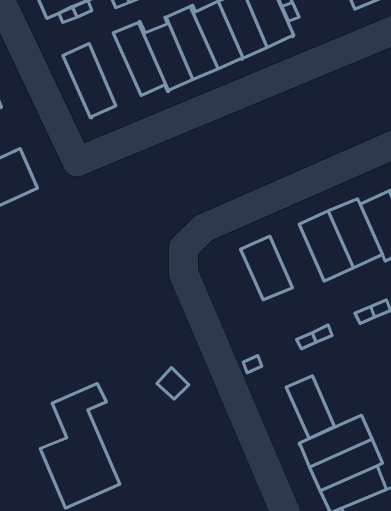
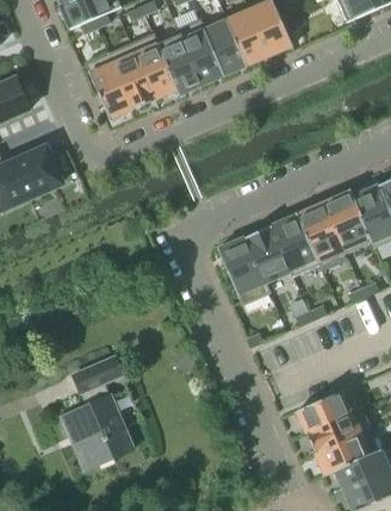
building: none -> [107,43,154,108]
building: none -> [269,214,318,276]
building: none -> [217,237,268,305]
building: [286,376,335,439] -> none

